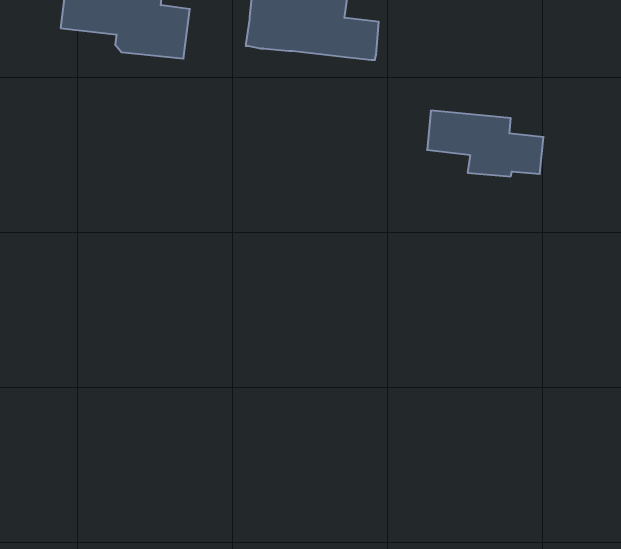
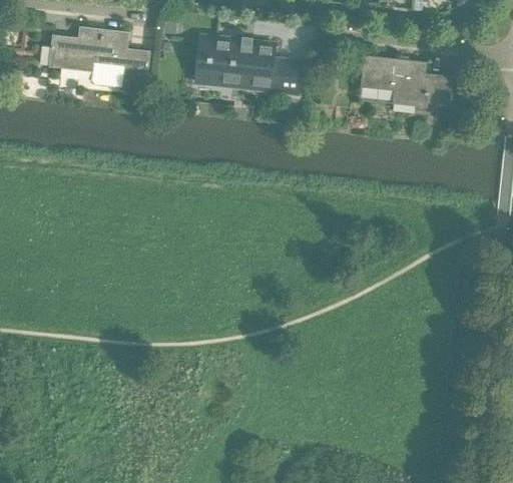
building: [427,111,544,176] -> [359,54,451,106]

